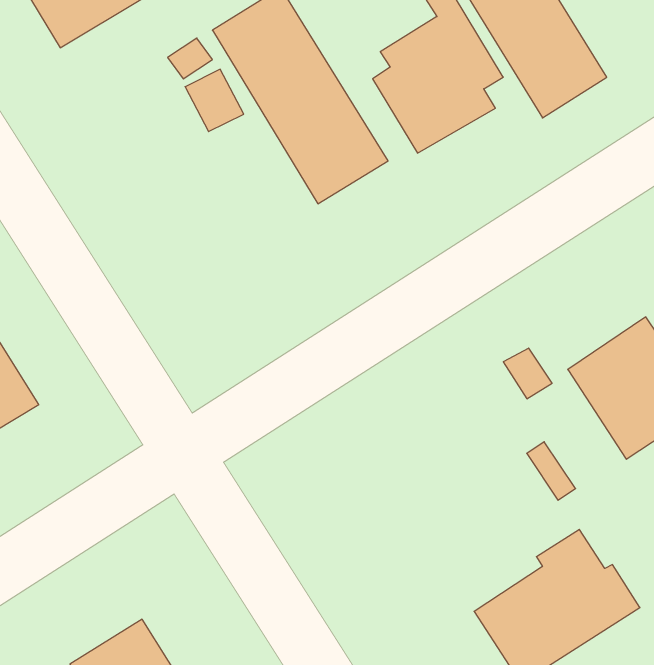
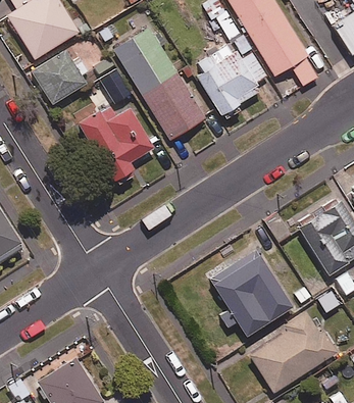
building: none -> [32,50,86,104]
building: none -> [77,106,154,183]
building: none -> [207,247,294,338]

